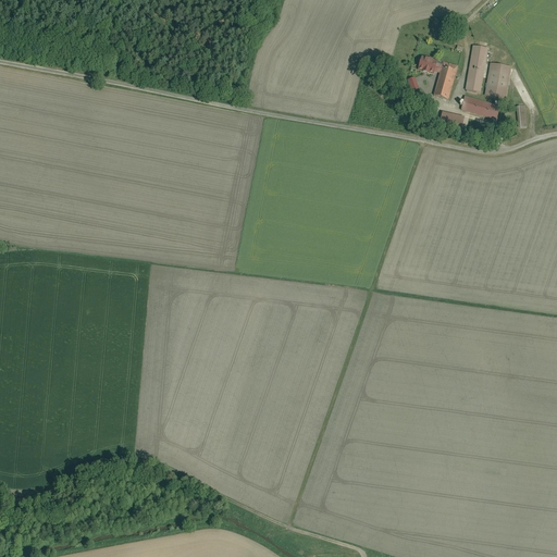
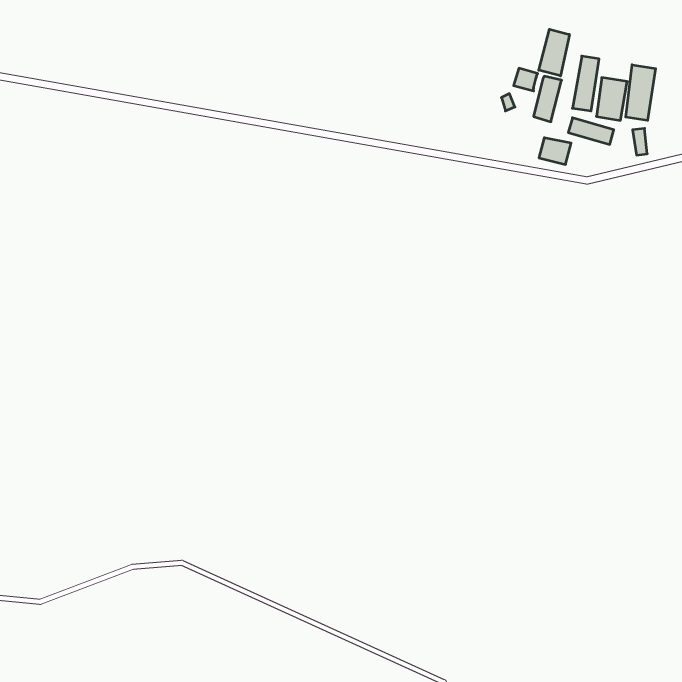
building: none -> [539,29,569,76]
building: none -> [626,65,656,120]

